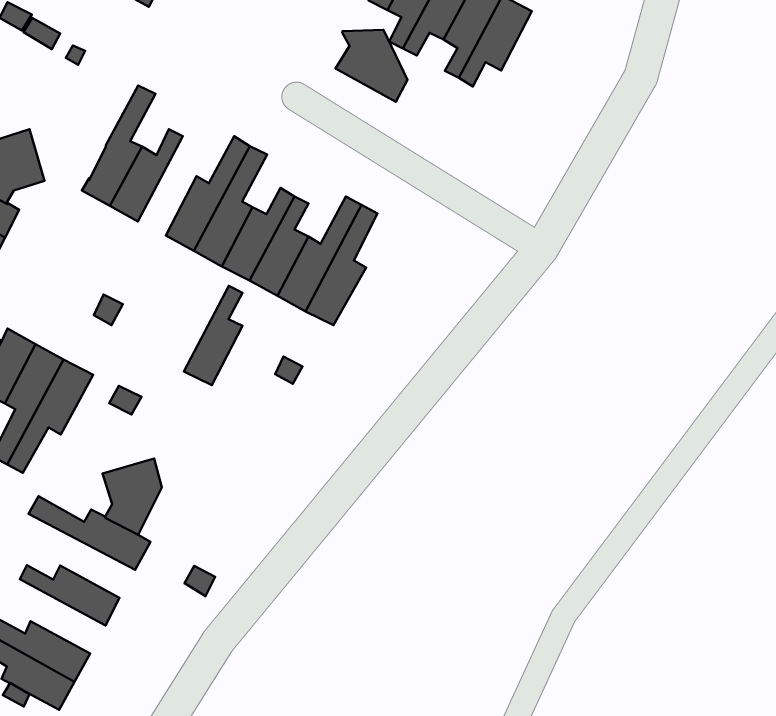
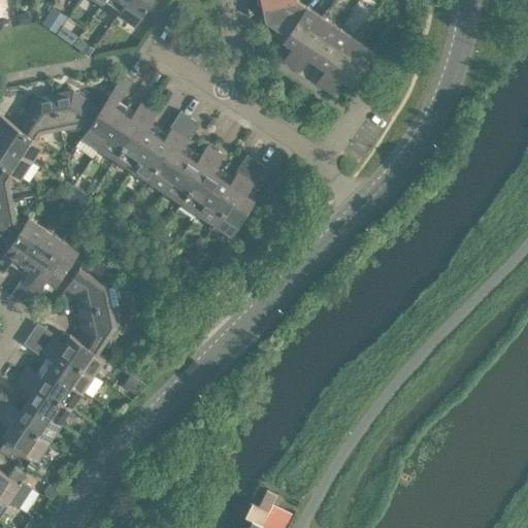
building: [336,30,408,102] -> none
building: none -> [54,92,100,130]
building: [184,286,243,385] -> [116,108,157,169]
building: none -> [66,269,111,314]
building: none -> [24,334,93,392]
building: none -> [15,374,71,425]

